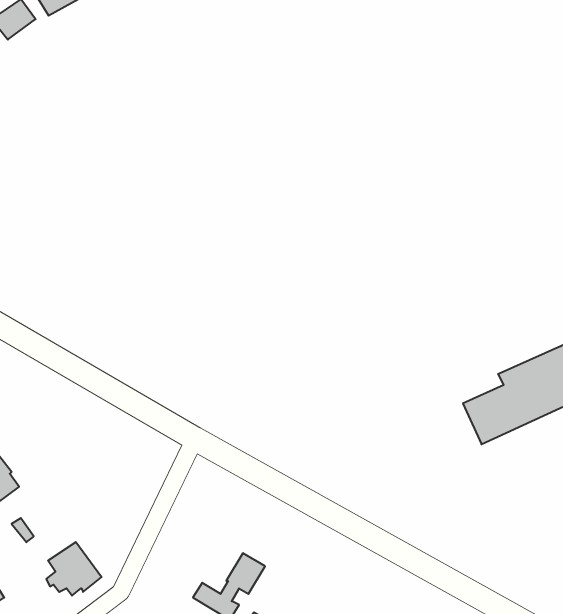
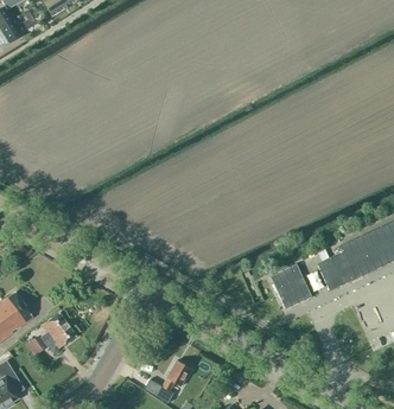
building: none -> [269,264,311,309]
building: [46,542,102,596] -> [40,313,76,347]

